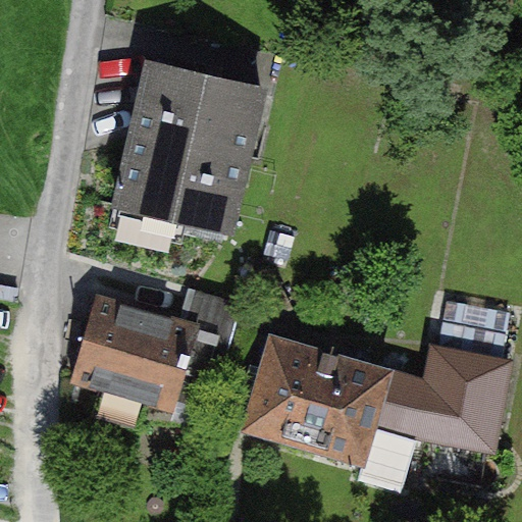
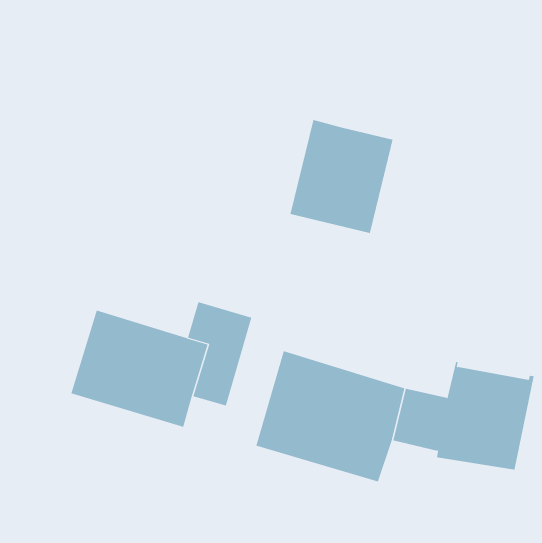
building: [115,63,262,234] -> none
building: none -> [290,119,393,234]

